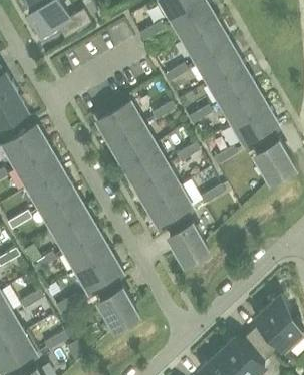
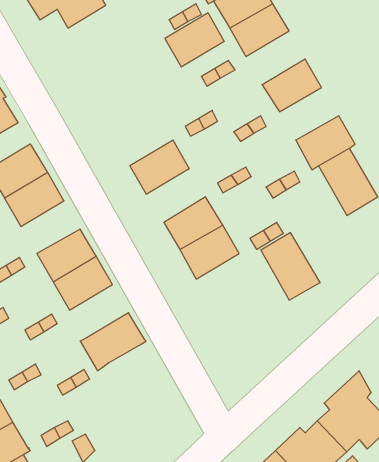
building: [196,42,240,82] -> [165,13,224,67]
building: [221,84,265,123] -> none
building: [96,102,141,142] -> none
building: [121,144,166,184] -> none
building: [28,168,72,208] -> none
building: [164,211,208,261] -> [261,233,320,300]
building: [64,231,108,271] -> none
building: [93,276,137,326] -> none

